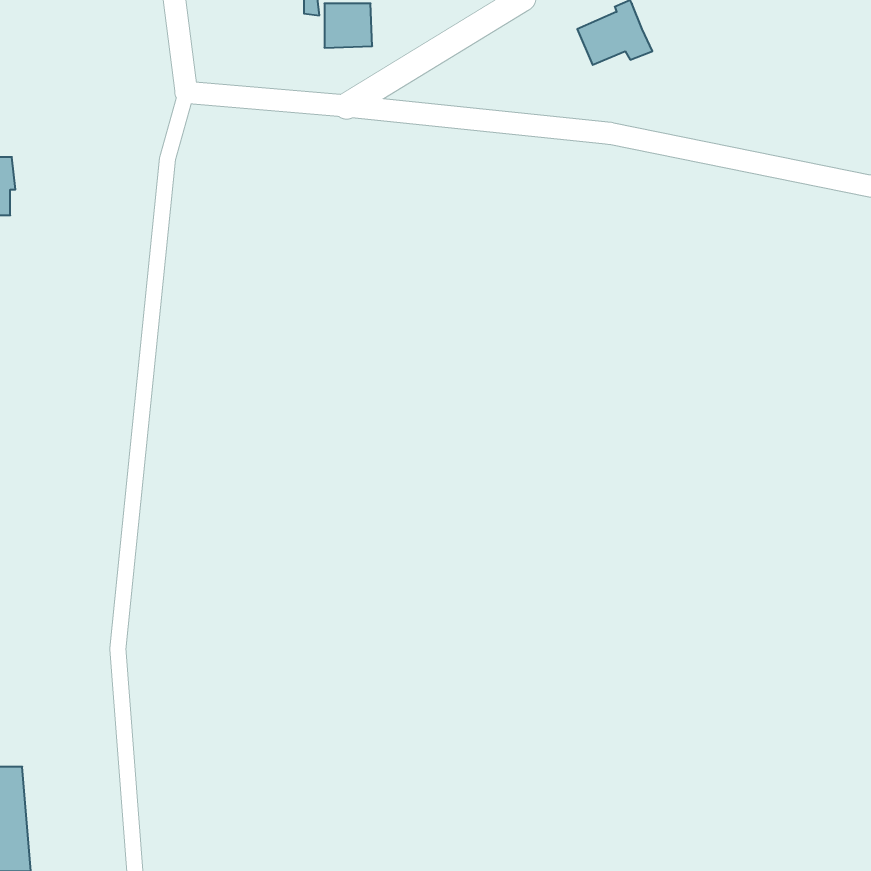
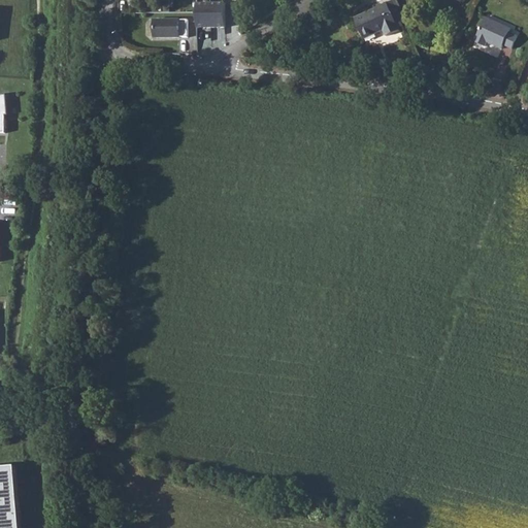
building: none -> [468,16,513,50]
building: none -> [151,20,186,38]

